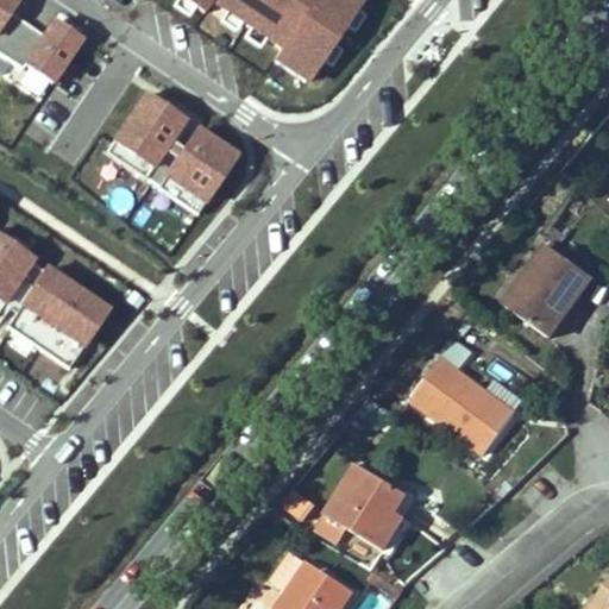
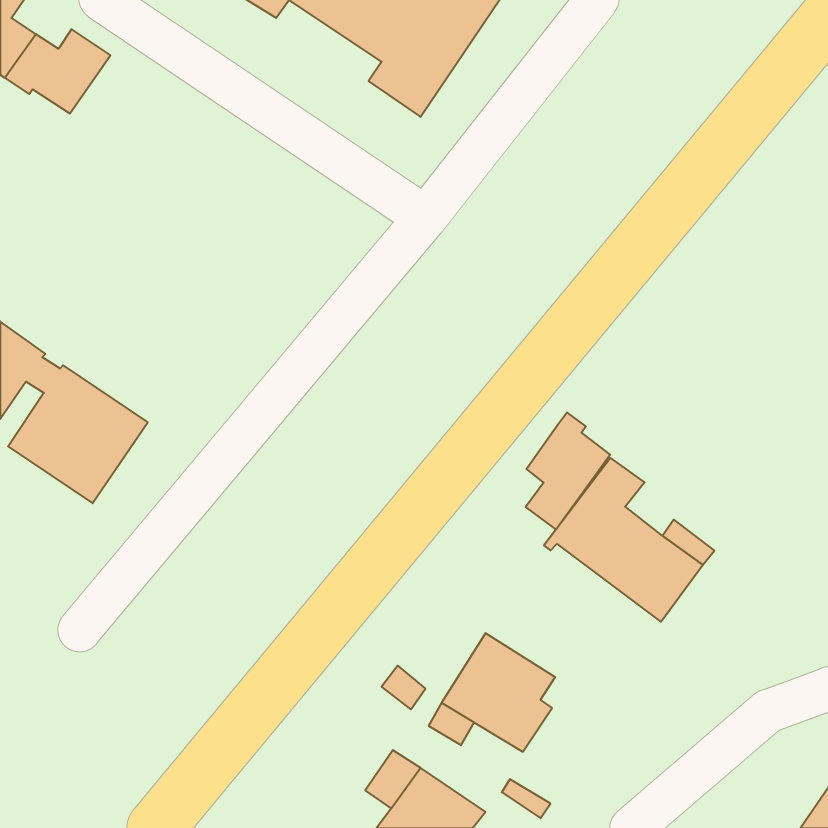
building: [98,82,230,203] -> none
building: [503,245,594,339] -> none
building: none -> [526,412,610,529]

